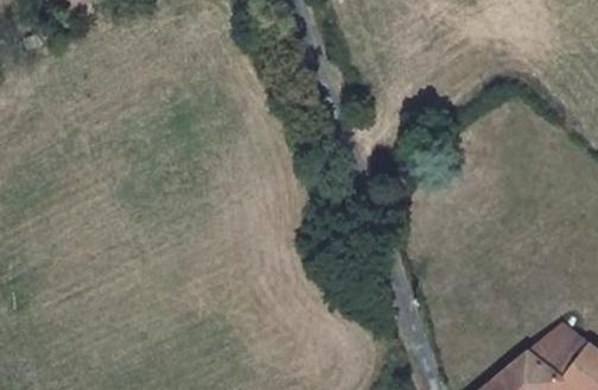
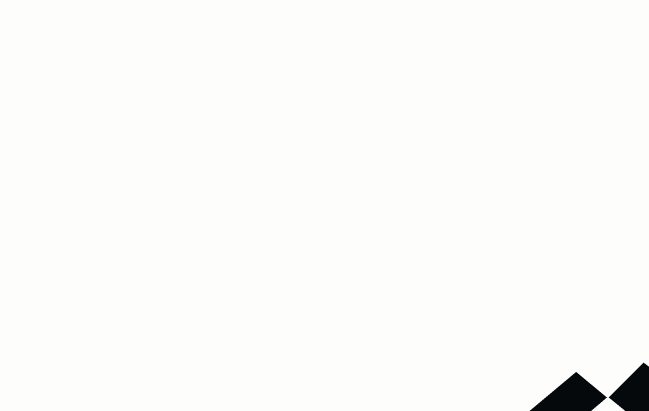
building: [528,325,589,377] -> none

